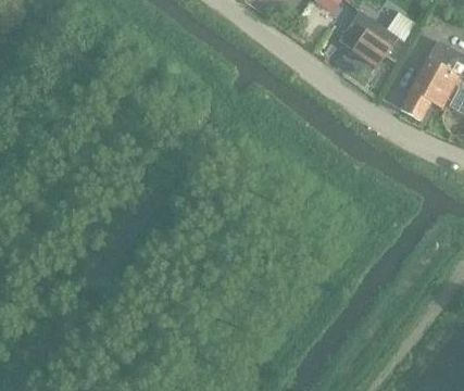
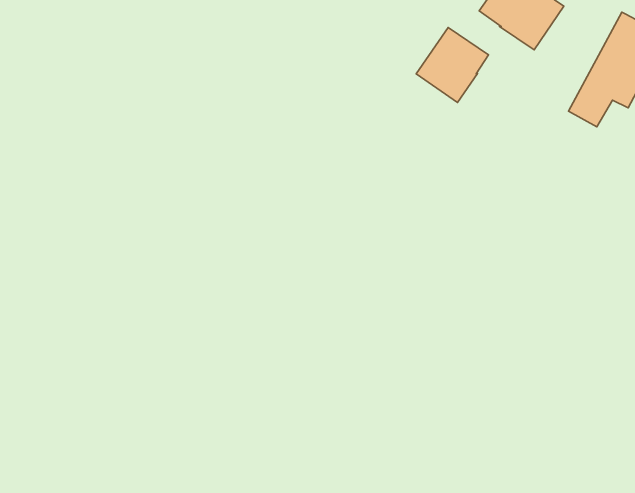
building: none -> [416,28,489,102]

